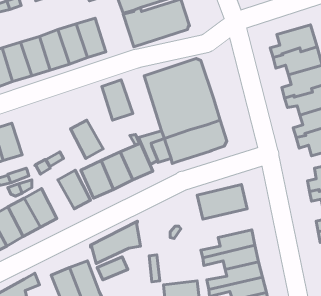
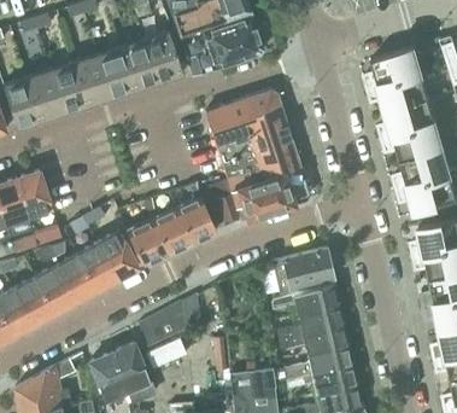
building: [102,80,133,120] -> [145,31,183,82]
building: [70,120,103,159] -> [77,243,118,291]
building: none -> [271,285,341,315]

